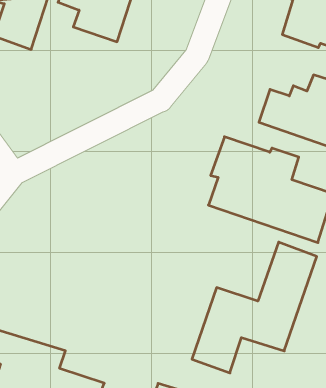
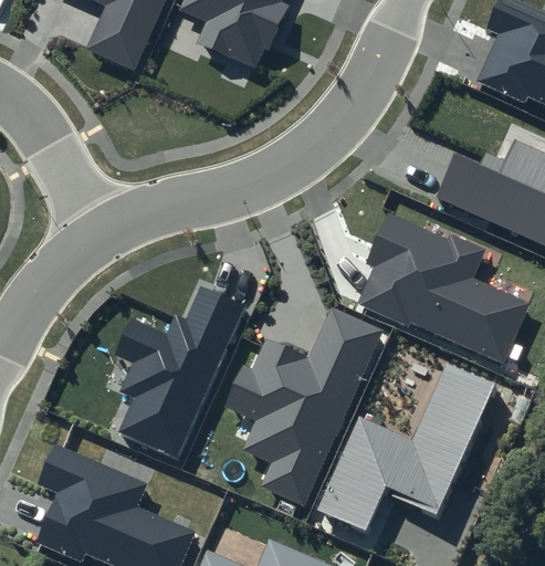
building: none -> [115,286,248,459]
building: none -> [223,306,382,506]

